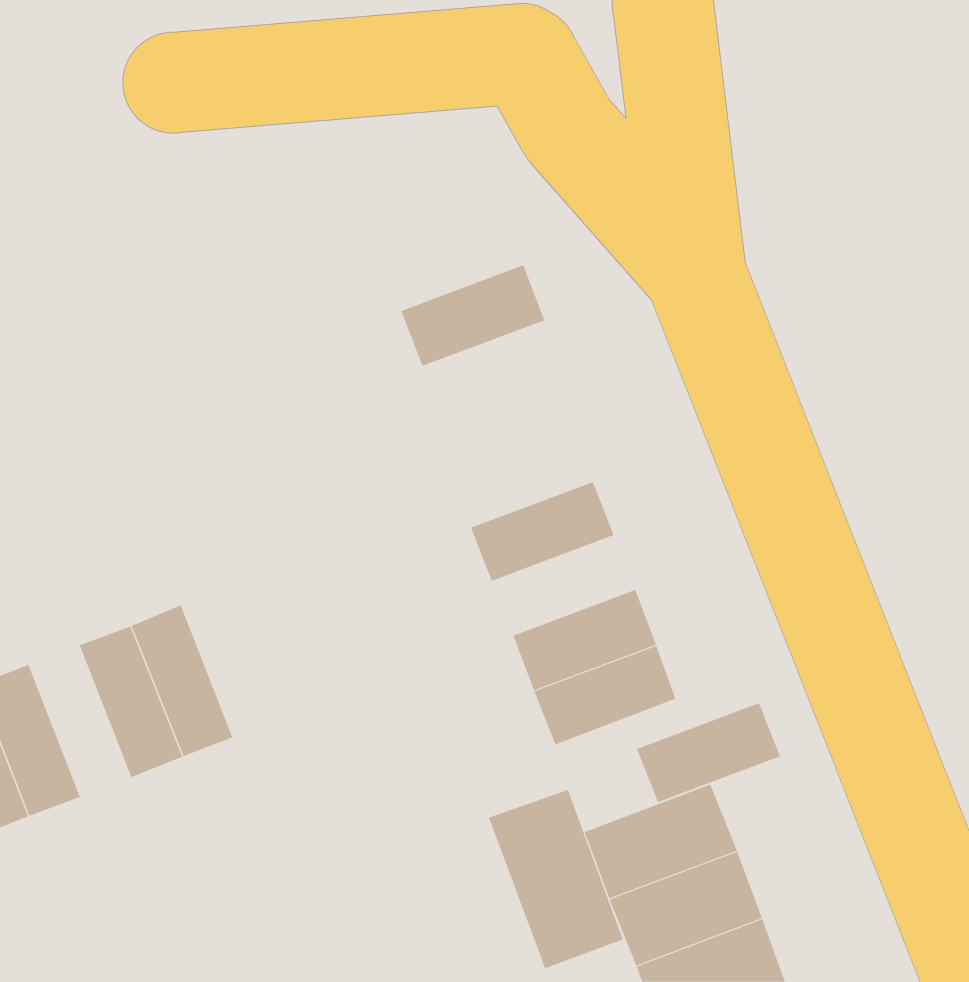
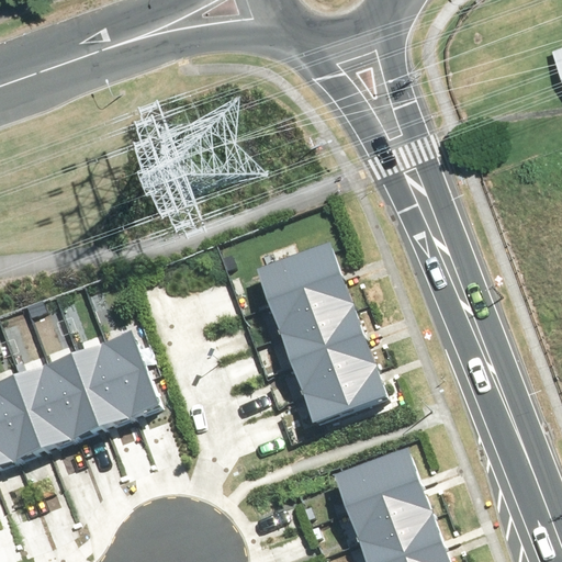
building: [401,265,545,367] -> [256,243,338,301]
building: none -> [103,334,162,420]
building: none -> [16,368,75,454]
building: [636,703,781,803] -> [280,305,362,362]
building: [488,789,623,969] -> none

